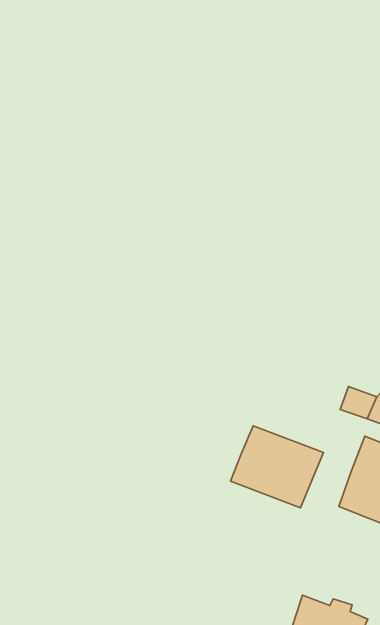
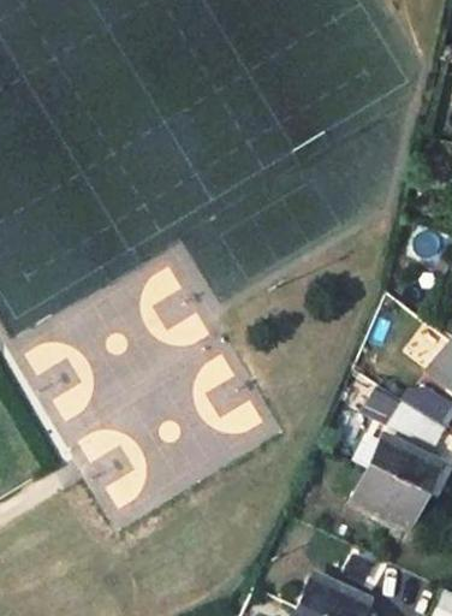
building: [230,426,324,508] -> none

